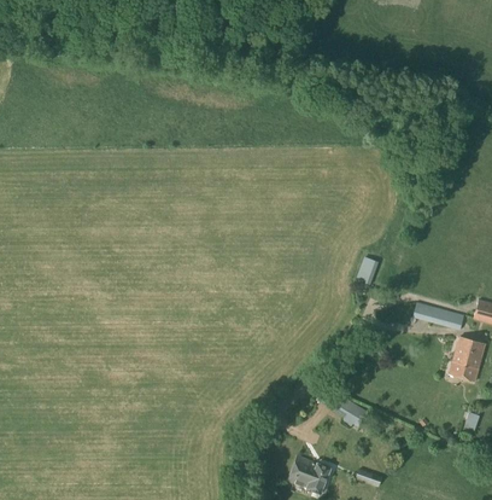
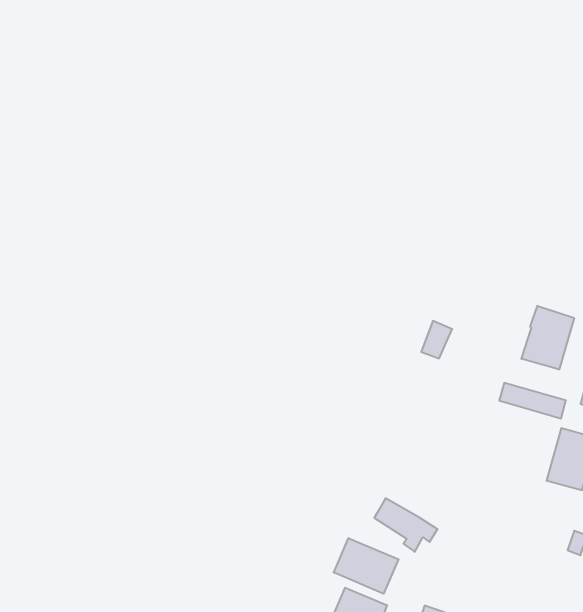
building: none -> [521,306,574,370]
building: none -> [334,538,399,594]

